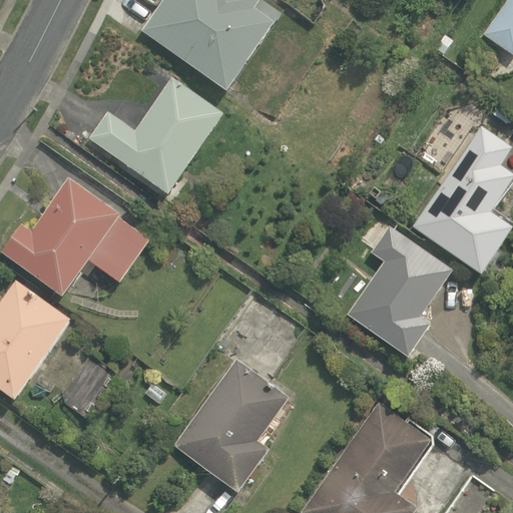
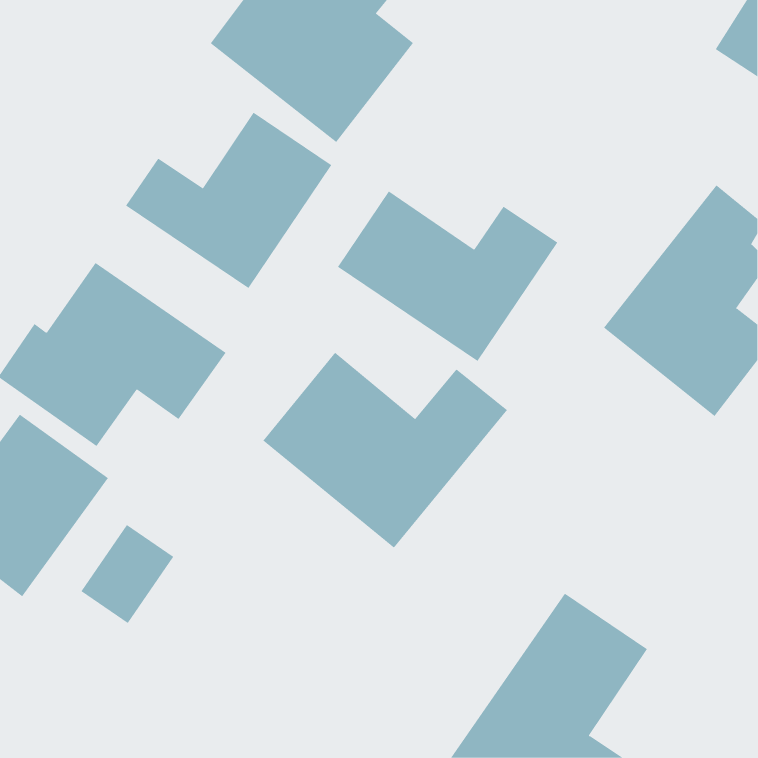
building: none -> [337,191,558,362]
building: [326,219,460,360] -> none
building: none -> [263,352,508,549]
building: [169,356,296,497] -> none

